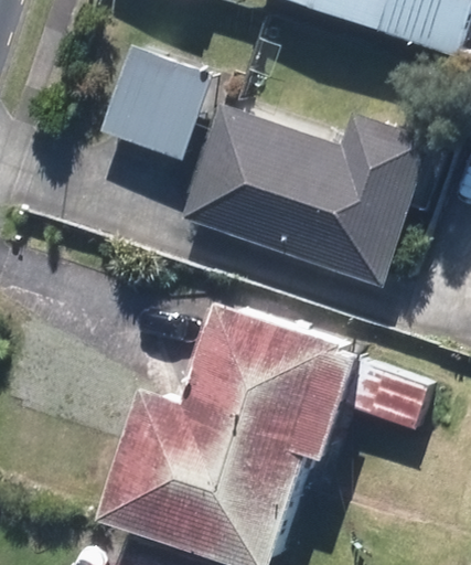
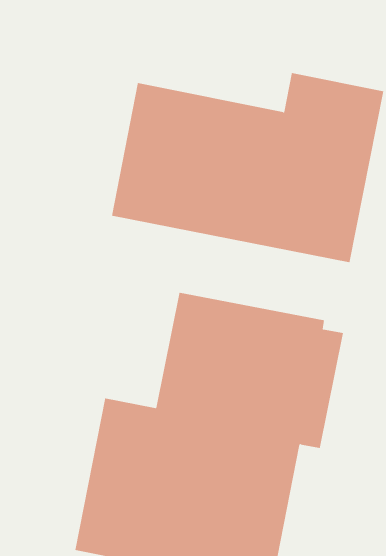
building: [105,49,216,161] -> none

